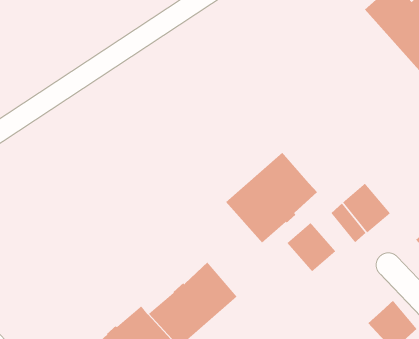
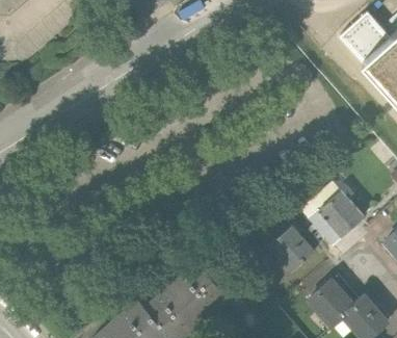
building: [225,152,318,244] -> none
building: none -> [309,281,353,327]

